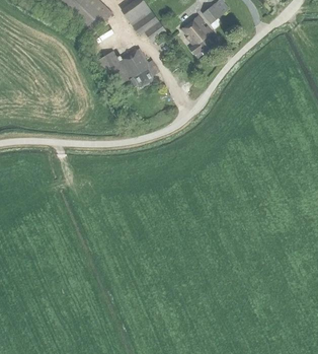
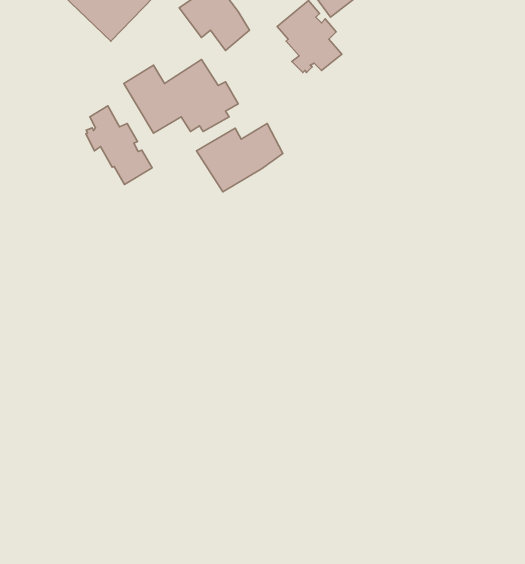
building: none -> [86,106,152,184]
building: none -> [196,123,283,192]

